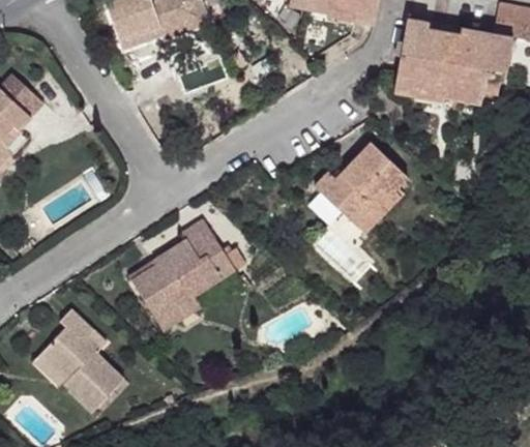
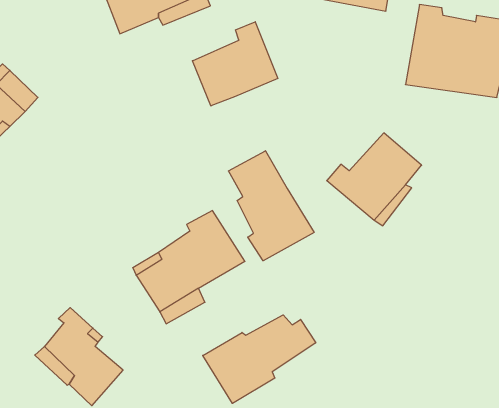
building: none -> [192,22,278,106]
building: none -> [228,151,314,261]
building: none -> [203,315,316,403]

